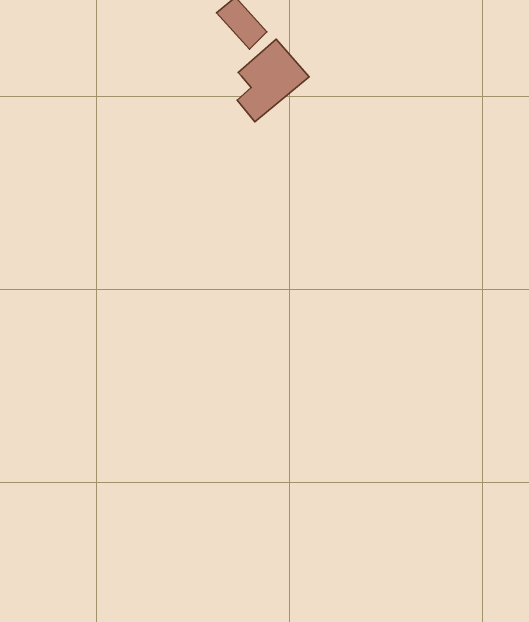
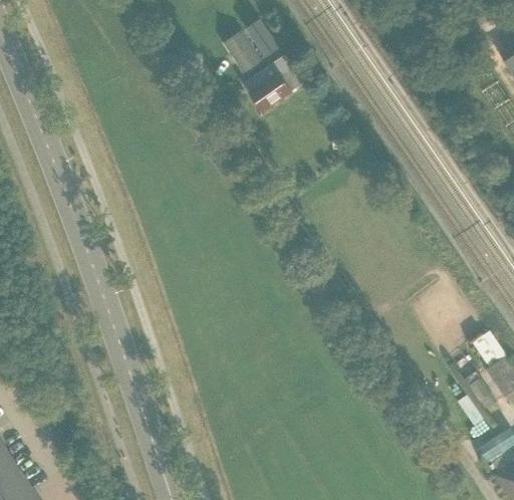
building: none -> [223,29,263,73]

